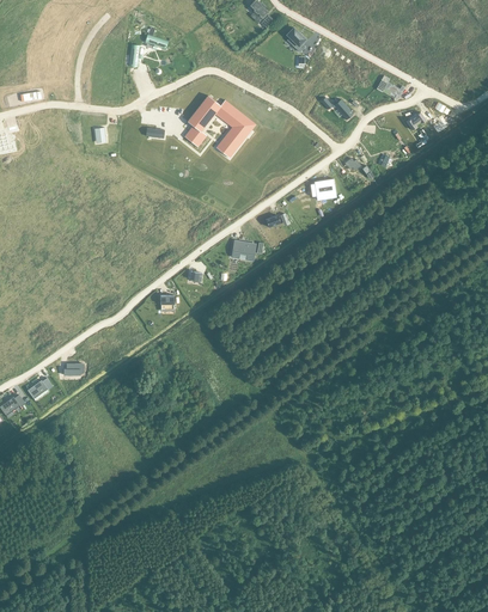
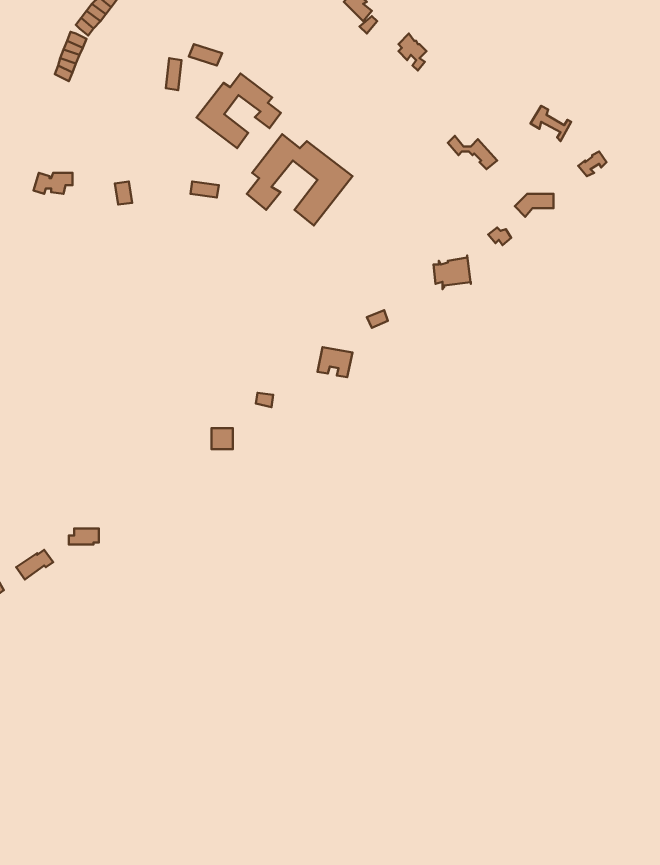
building: none -> [197,73,281,148]

